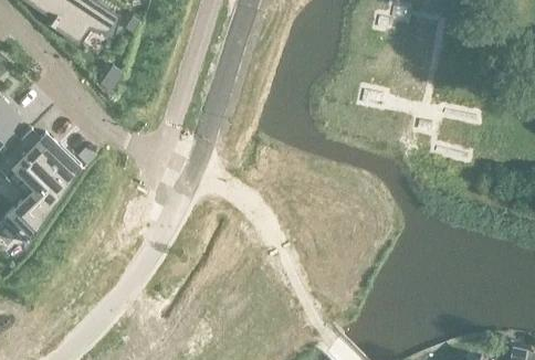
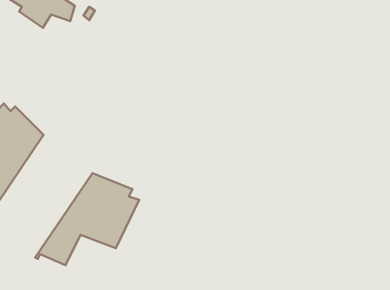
building: none -> [35,173,139,265]

